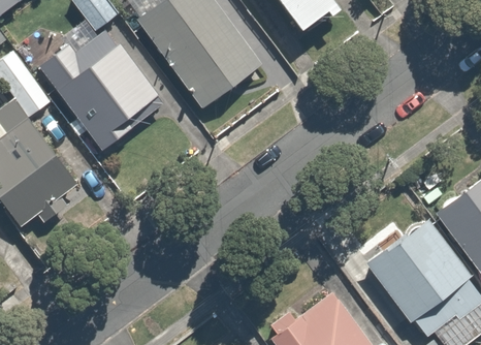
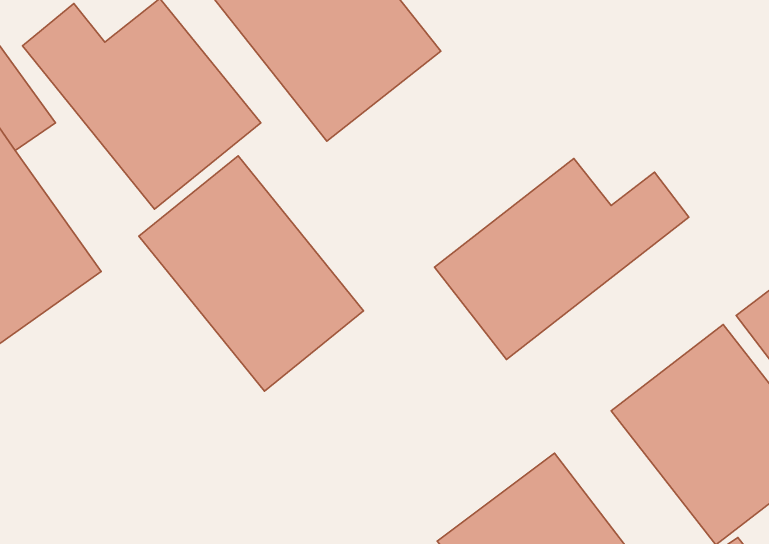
building: none -> [139,156,364,391]
building: none -> [434,158,689,360]

